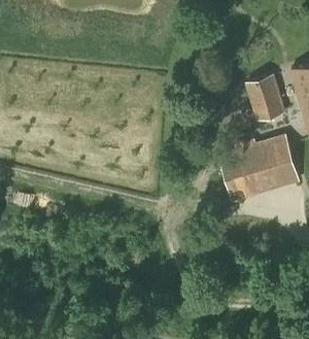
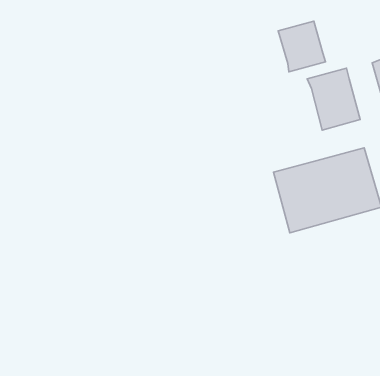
building: none -> [278,21,325,72]

